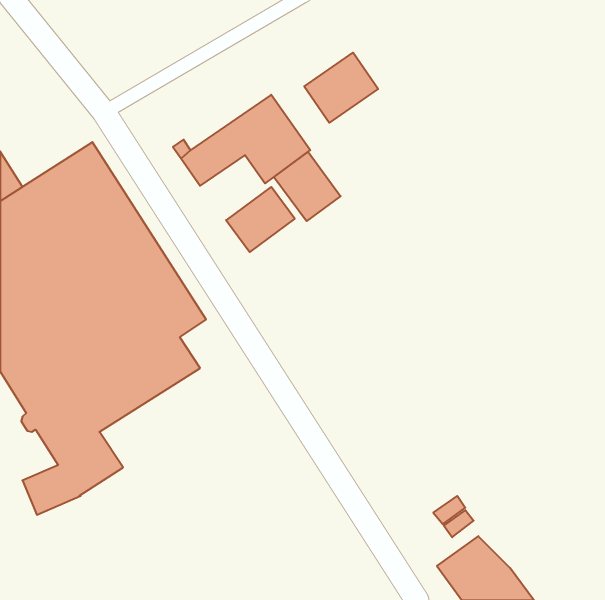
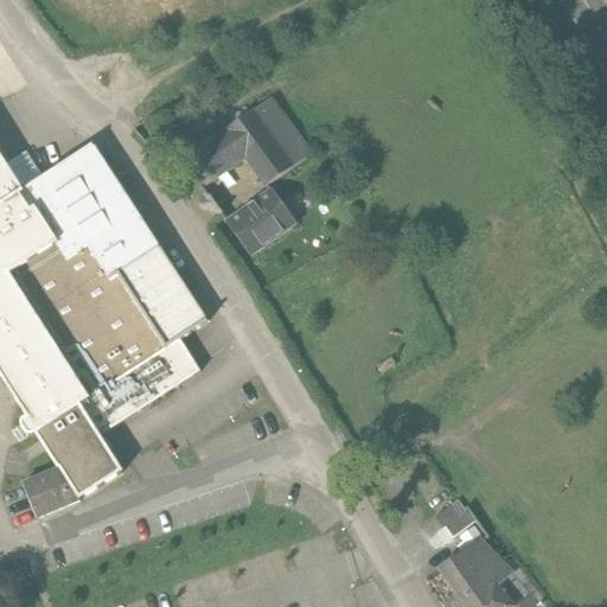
building: [304,53,378,123] -> none
building: [274,152,341,221] -> none

